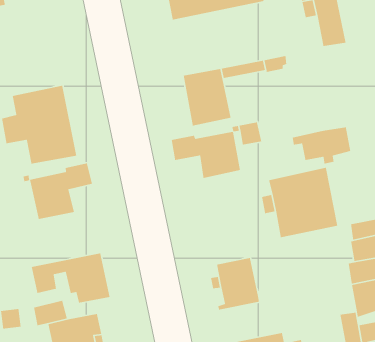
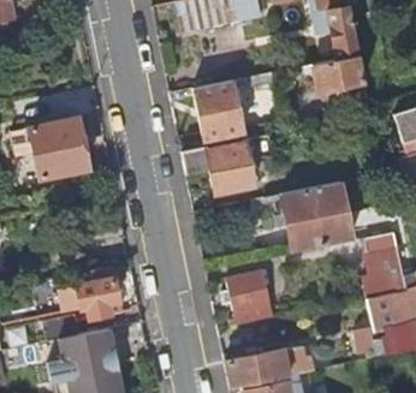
building: [292,126,351,165] -> [305,56,366,95]
building: [22,163,93,220] -> none

